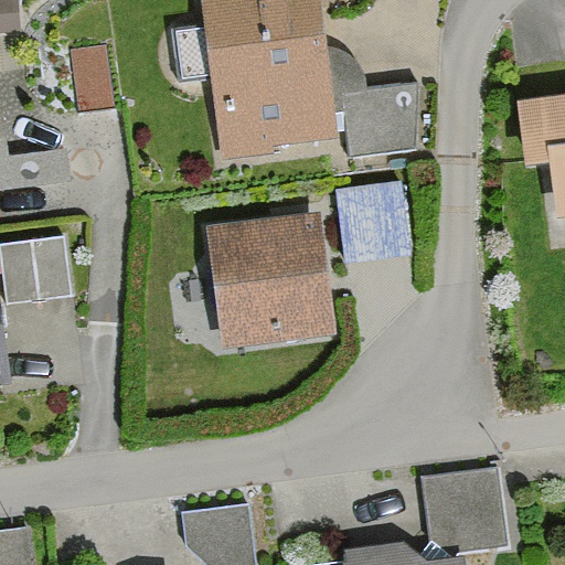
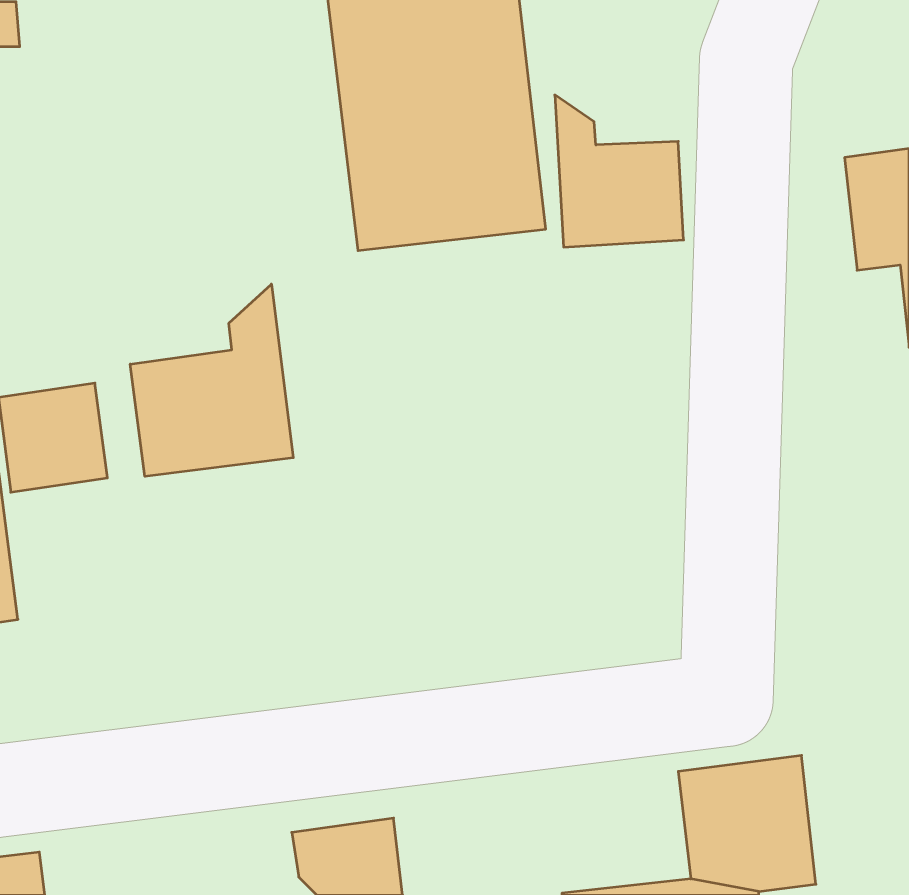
building: none -> [130,284,293,476]
building: [338,183,407,263] -> none
building: [209,212,337,349] -> none

